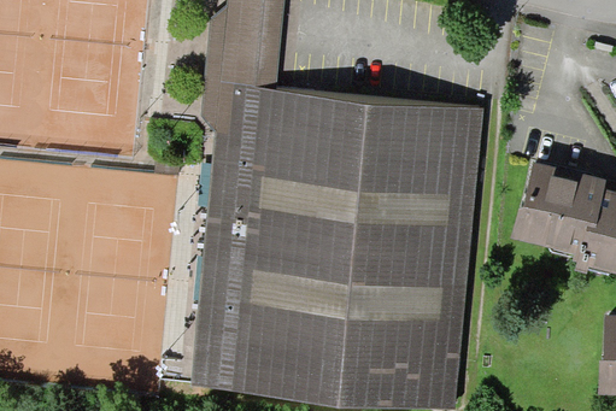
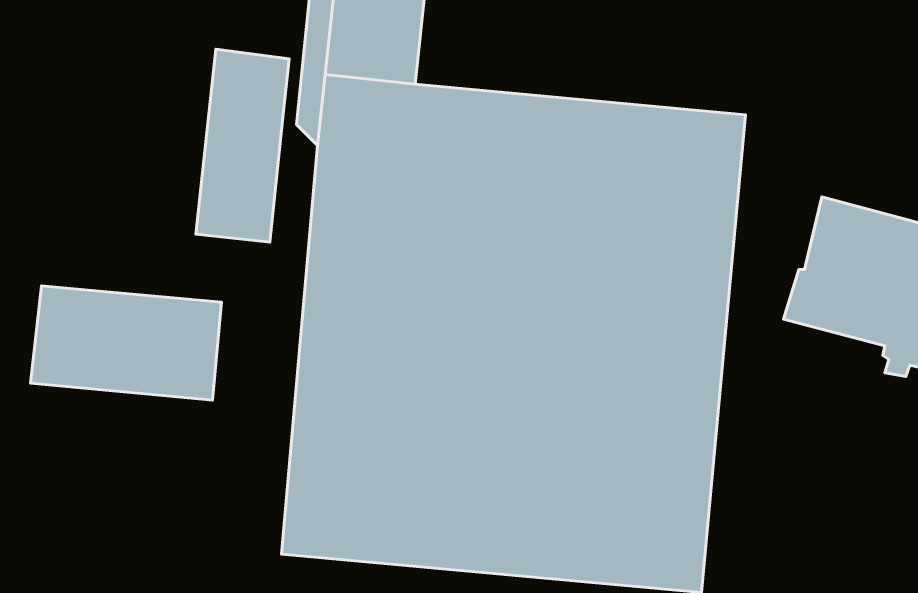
building: none -> [196,49,289,242]
building: none -> [31,286,221,400]

